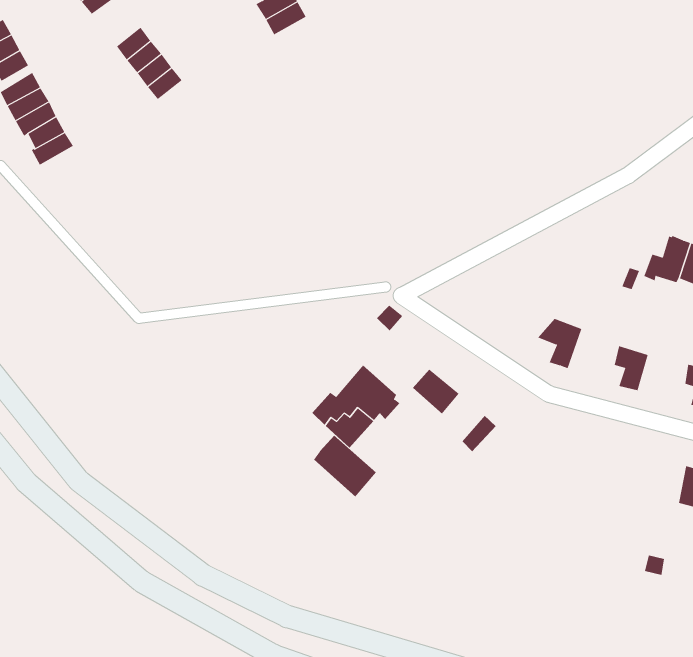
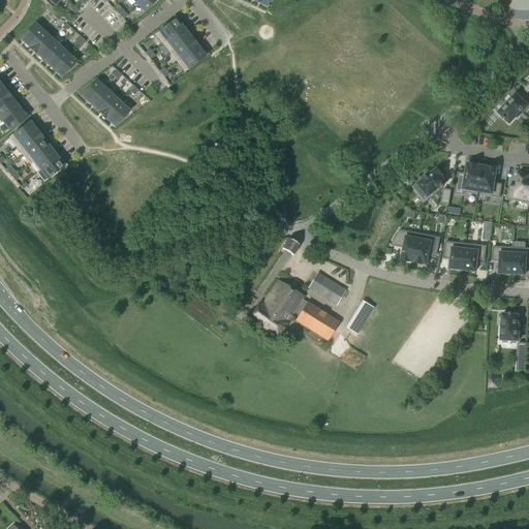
building: none -> [414,166,447,198]
building: none -> [415,232,440,262]
building: none -> [464,243,487,270]
building: [313,435,377,497] -> [297,301,340,340]

